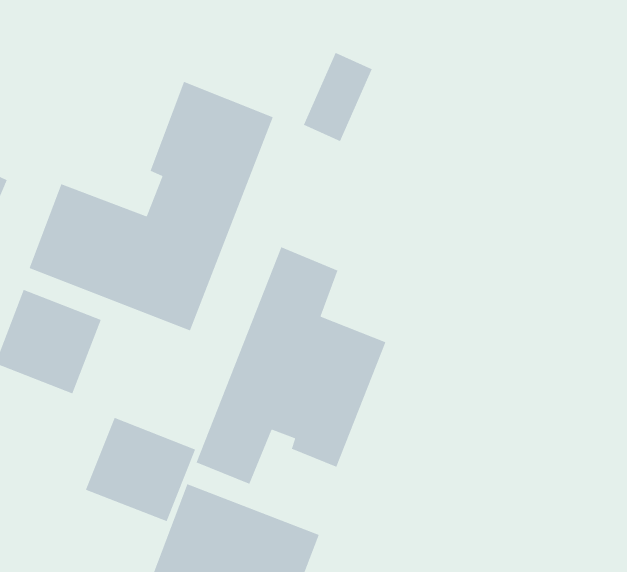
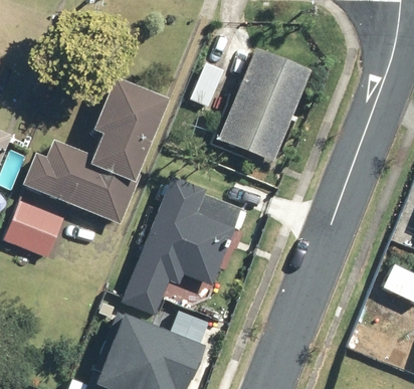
building: none -> [217,45,312,162]
building: [85,417,196,522] -> none

